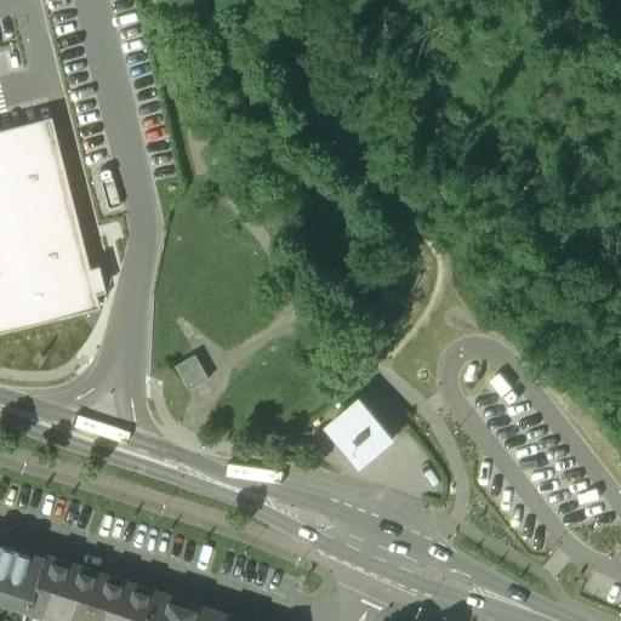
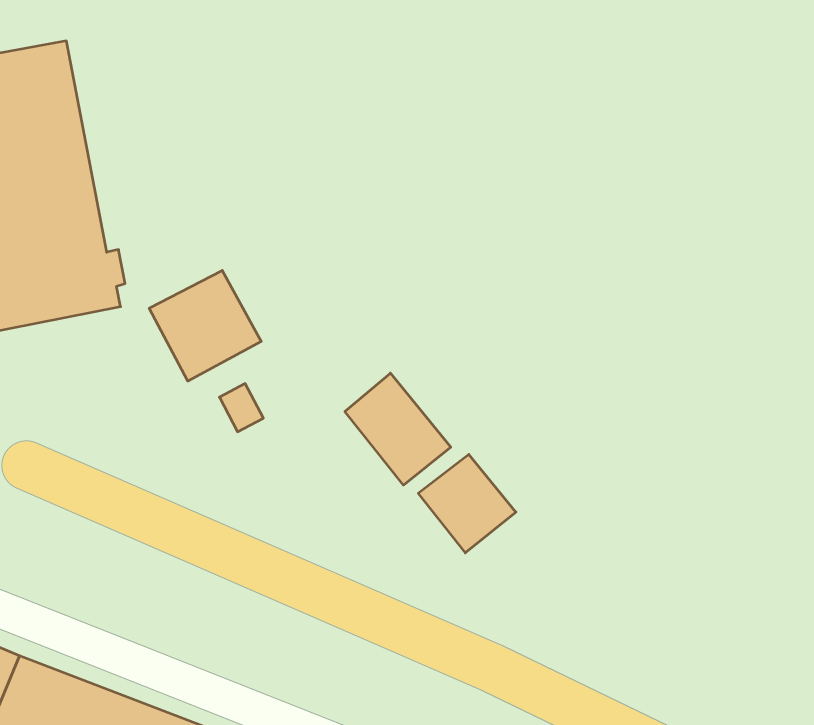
building: none -> [149,270,261,381]
building: none -> [345,373,451,485]

